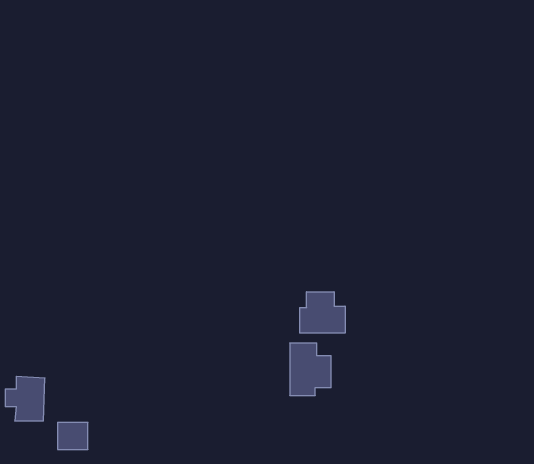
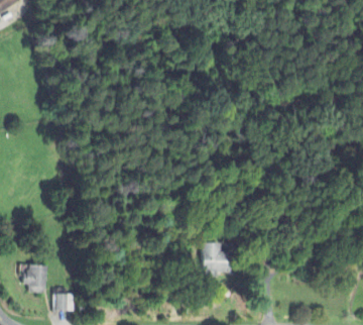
building: [300,292,345,333] -> none

